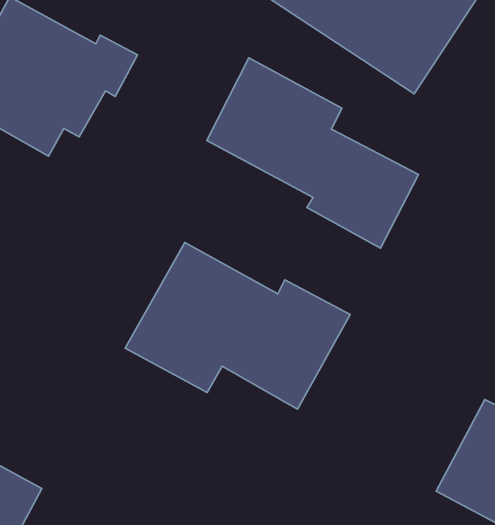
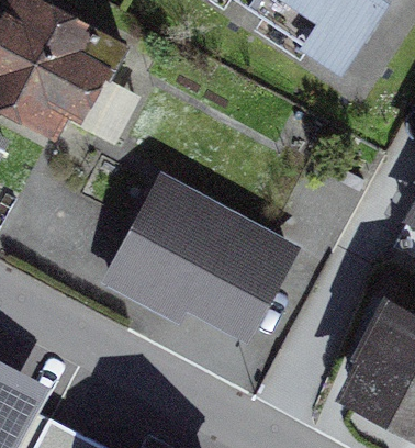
building: [207,58,419,248] -> none

